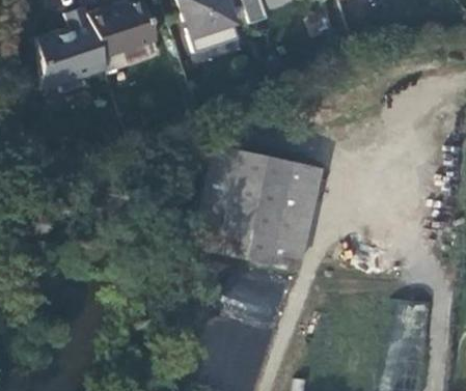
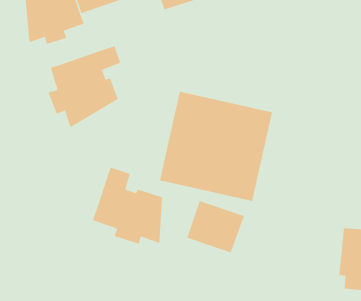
building: none -> [48,45,121,128]
building: none -> [92,167,162,245]

